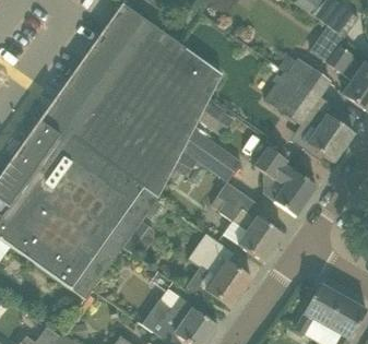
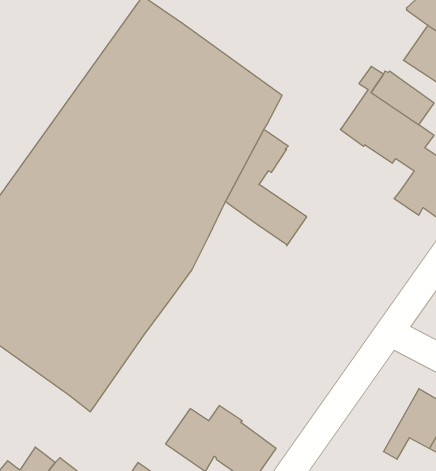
building: [253,146,316,216] -> none
building: [210,181,283,261] -> none
building: [185,232,251,308] -> none

